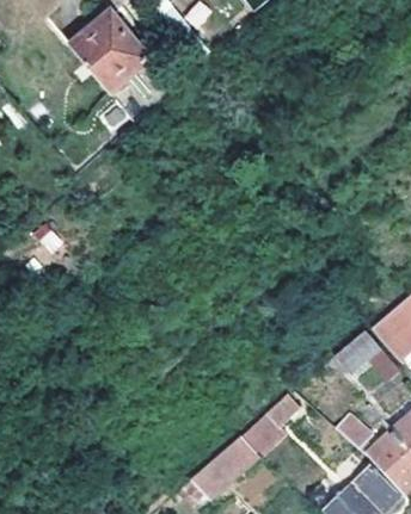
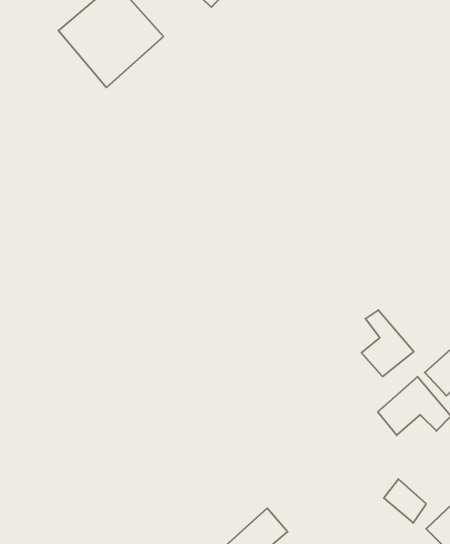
building: none -> [362,310,414,377]
building: [240,395,300,456] -> none

